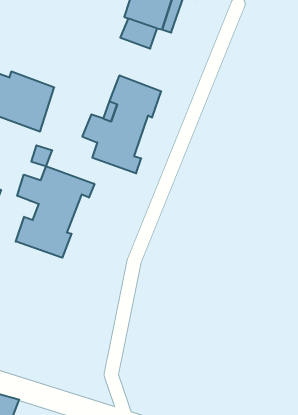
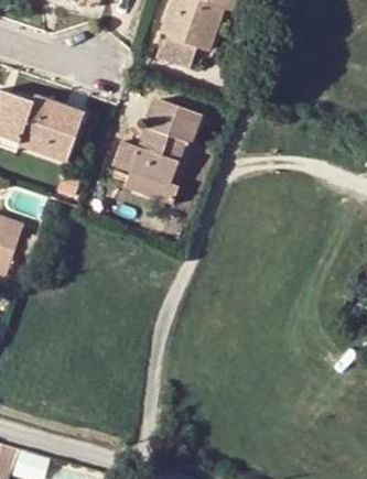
building: [16,166,94,258] -> none

